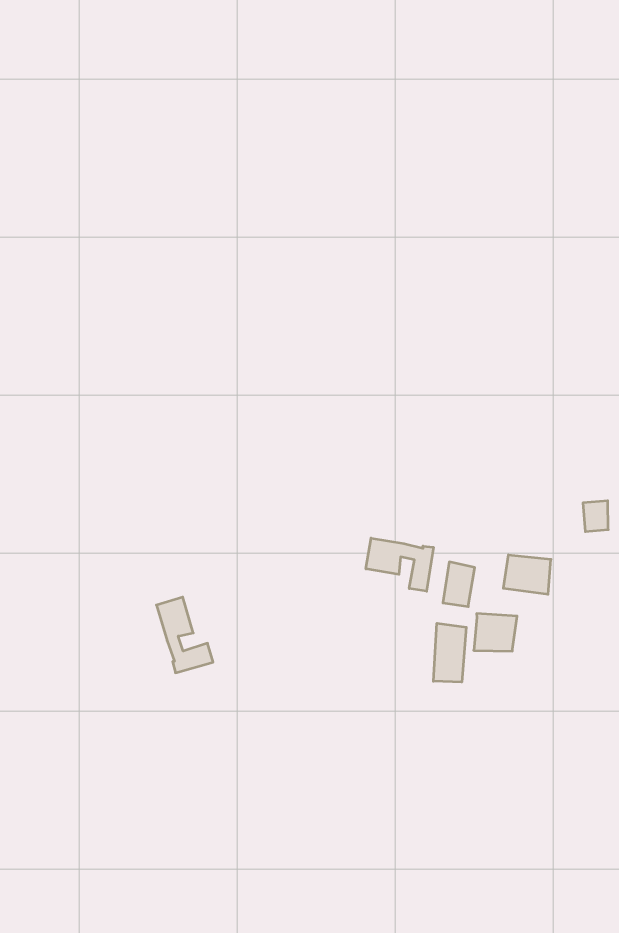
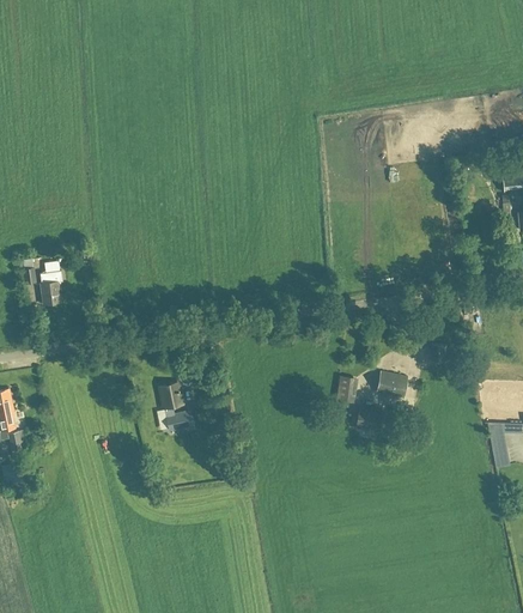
building: [366,538,433,591] -> none
building: [433,623,466,682] -> none

